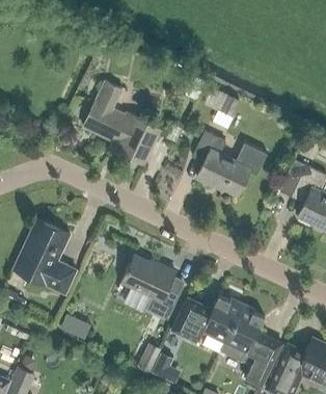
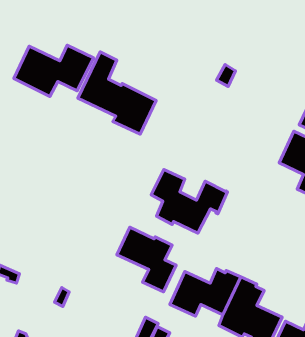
building: none -> [14,45,94,97]
building: [192,132,267,194] -> [151,170,227,233]
building: [13,222,77,294] -> none

